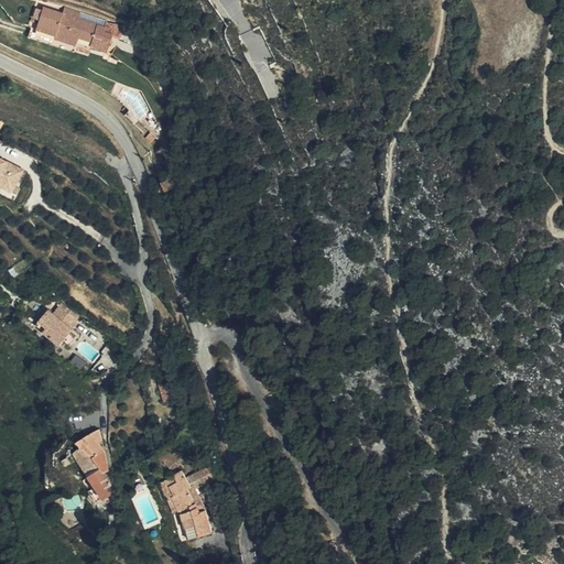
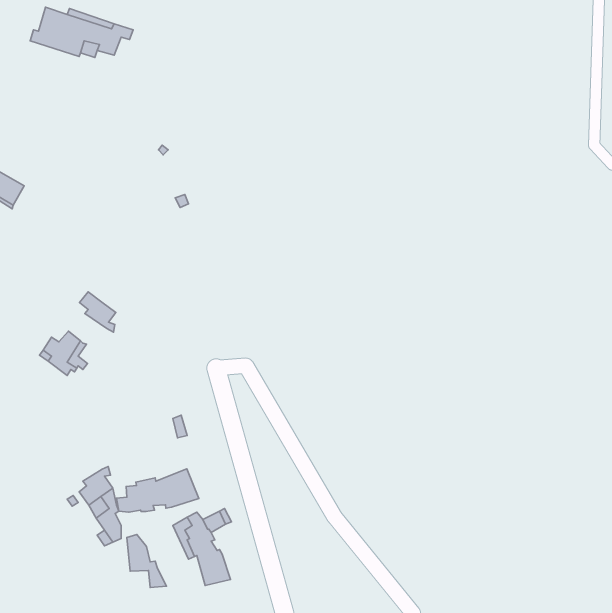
building: none -> [80,292,116,332]
building: none -> [116,469,199,512]
building: none -> [127,535,167,587]

